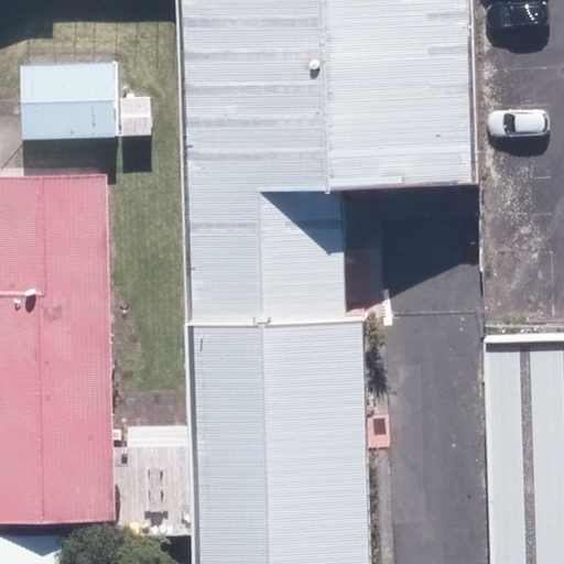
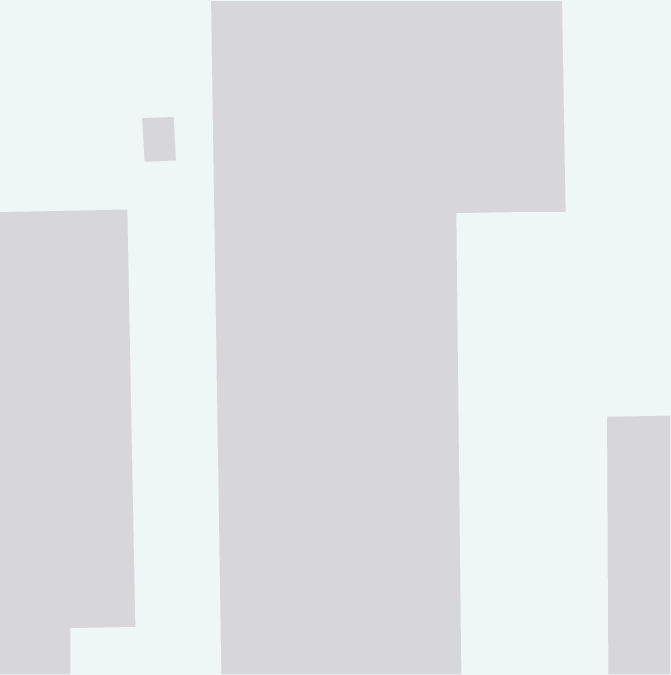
building: [17,63,117,140] -> none

